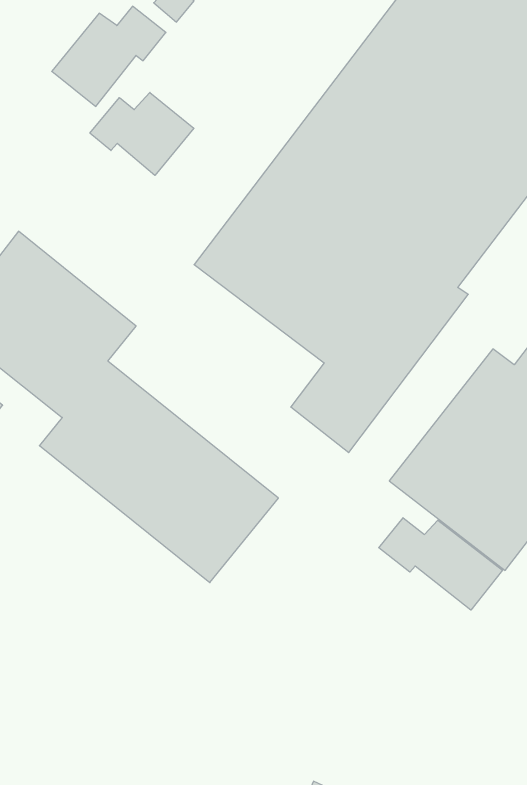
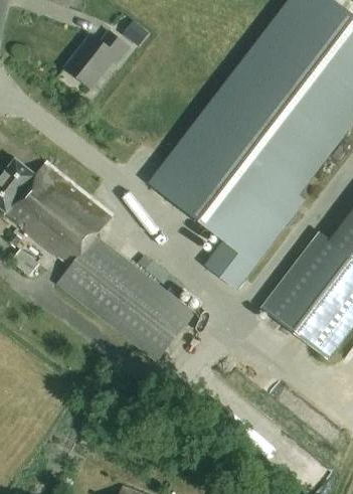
building: [90,92,194,175] -> none
building: [379,518,502,610] -> none

